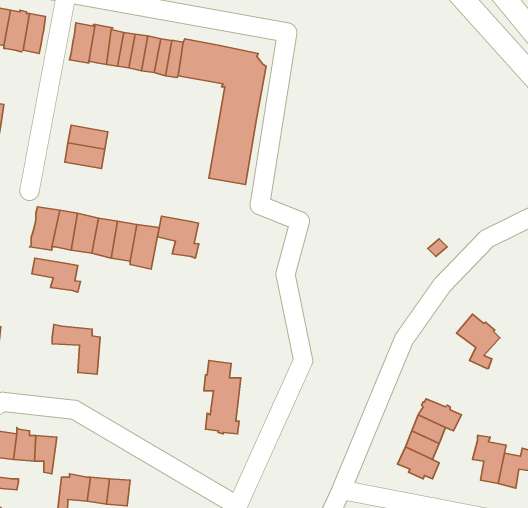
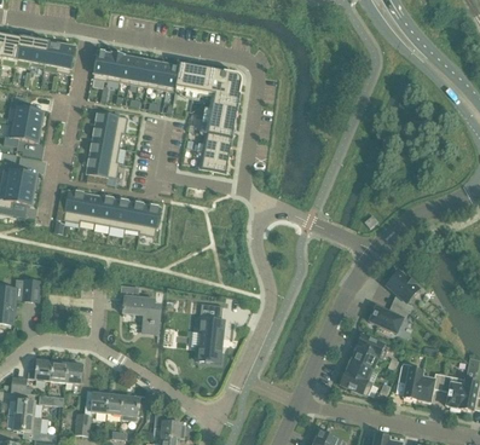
building: none -> [93,110,127,132]
building: none -> [85,155,118,177]
building: [157,216,199,258] -> none
building: [32,258,80,292] -> none
building: [52,325,100,374] -> [122,294,158,331]
building: none -> [368,305,407,331]

